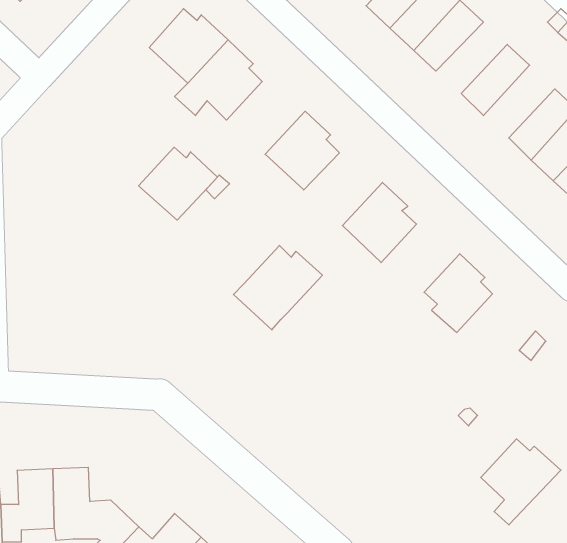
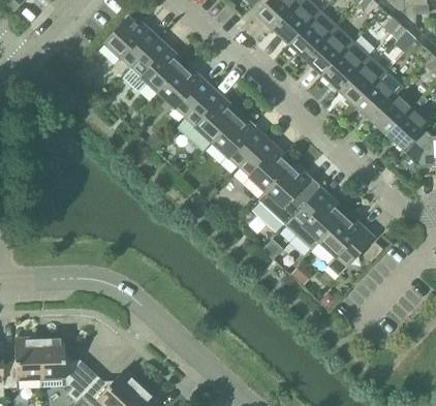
building: none -> [305,26,354,75]
building: none -> [338,56,387,106]
building: [139,147,217,220] -> [159,67,214,118]
building: none -> [213,117,268,167]
building: [233,245,322,330] -> [259,166,321,225]
building: [481,439,561,525] -> [319,215,375,275]

